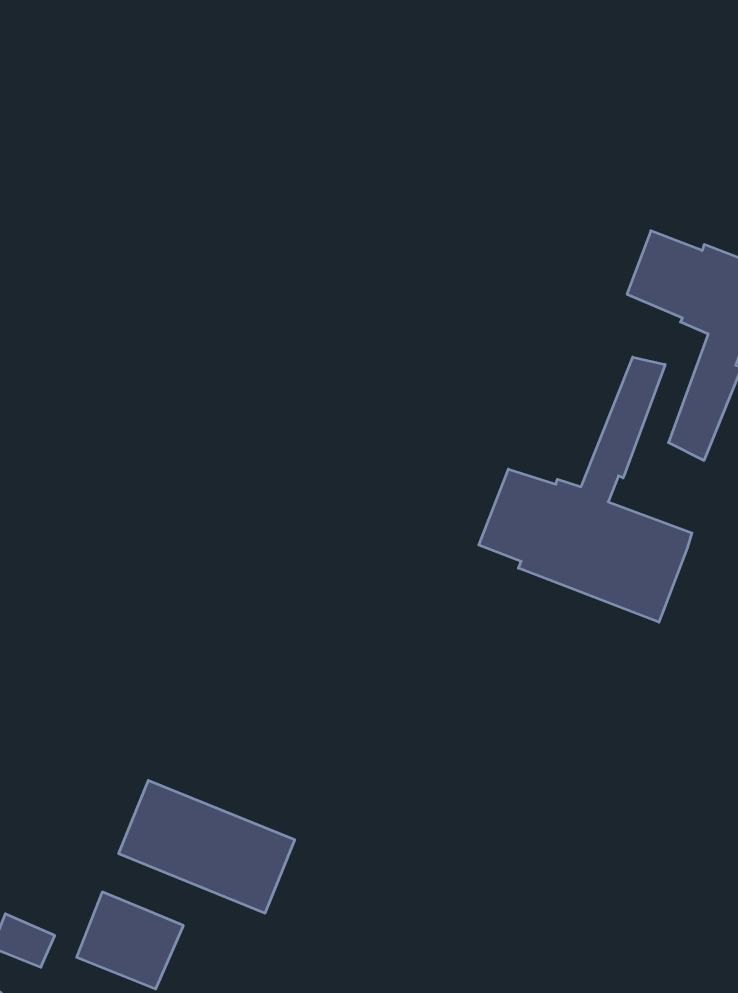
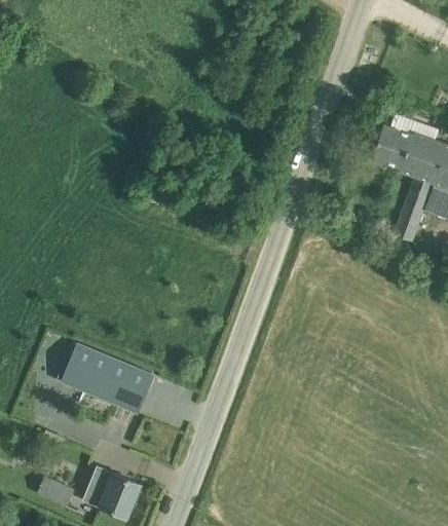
building: [479,357,692,622] -> none
building: [119,780,295,913] -> [67,343,158,412]

